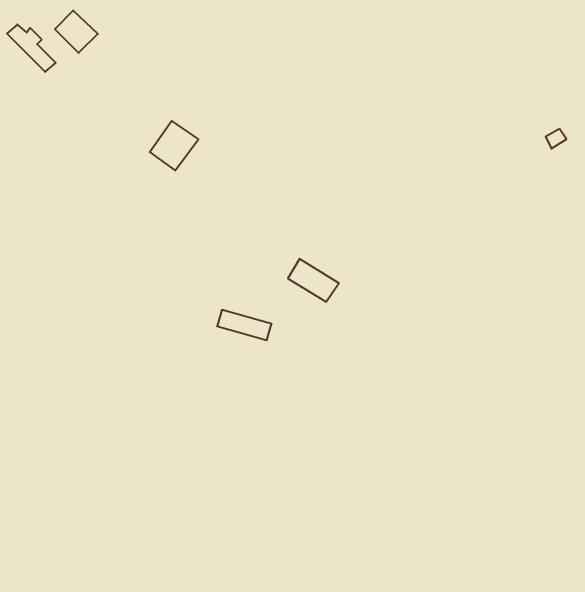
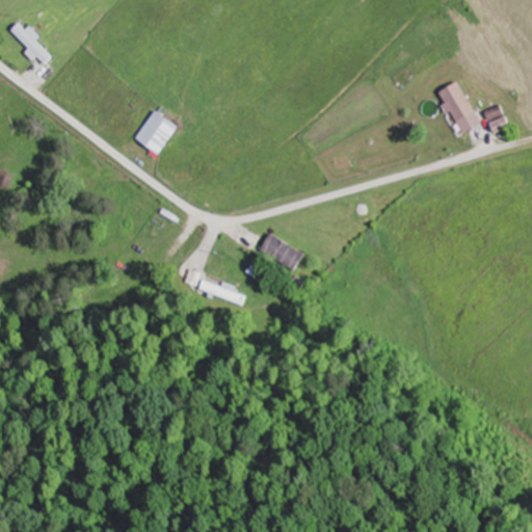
building: [55,10,98,53] -> none
building: none -> [437,81,478,133]

